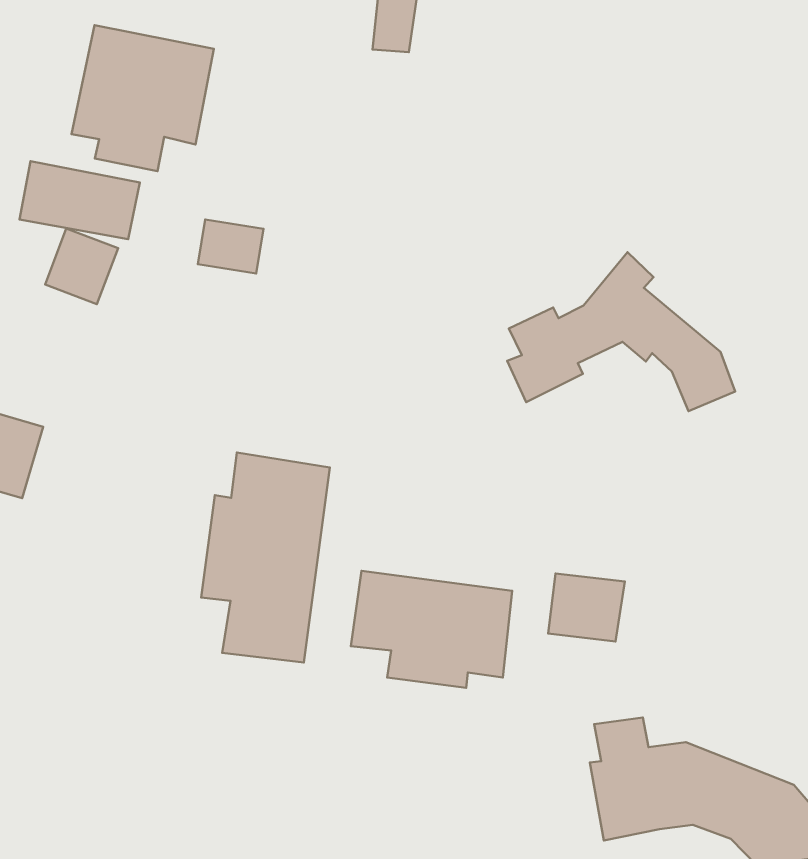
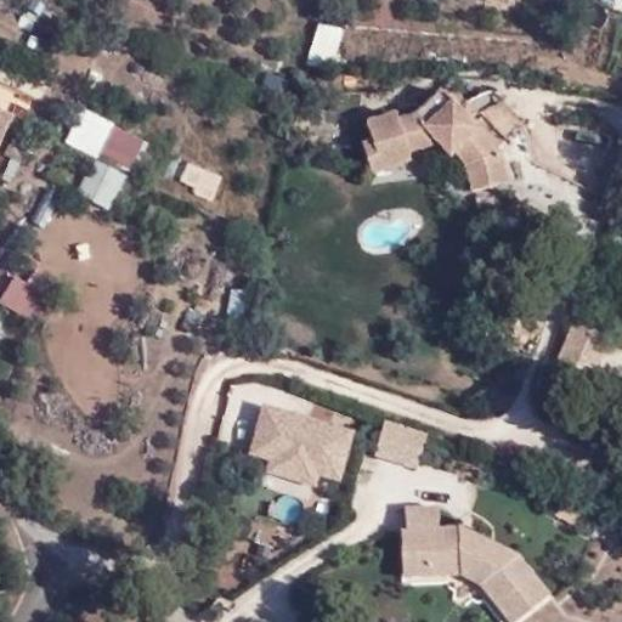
building: [71,25,214,171] -> none
building: [507,252,735,411] -> [364,84,508,191]
building: [201,453,330,663] -> none

